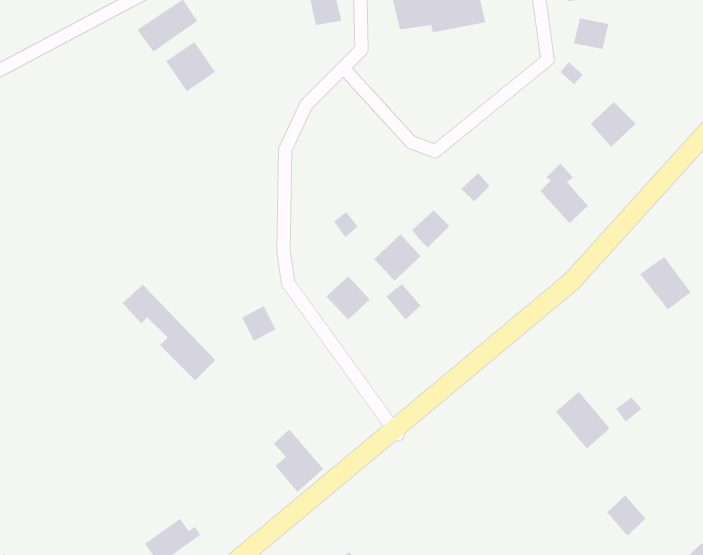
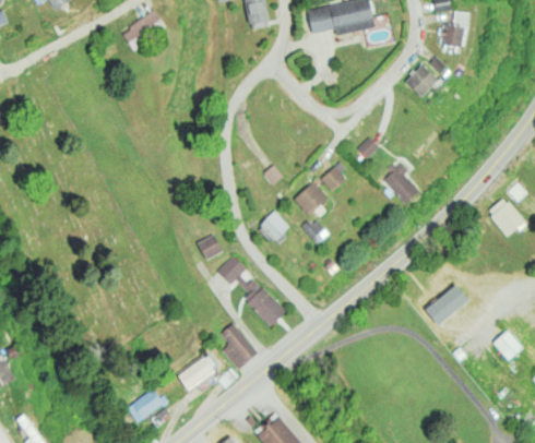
building: [165,41,216,92] -> none
building: [590,101,636,148] -> [405,63,439,97]
building: [539,163,589,224] -> [383,159,419,204]
building: [122,284,216,381] -> [217,255,286,326]
building: none -> [178,358,214,388]
building: [606,495,647,536] -> [494,330,523,360]

